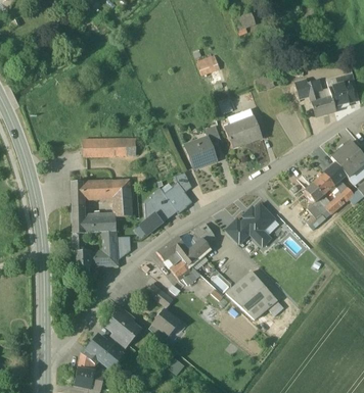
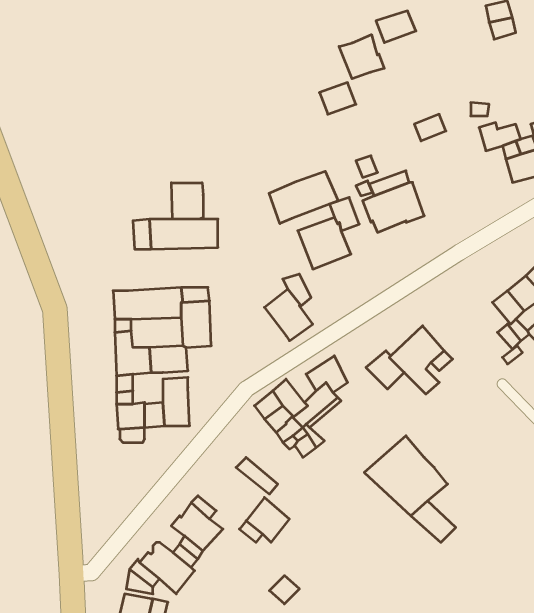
building: none -> [339,35,384,79]
building: none -> [269,171,338,224]
building: none -> [171,183,203,219]
building: [140,188,177,234] -> none

